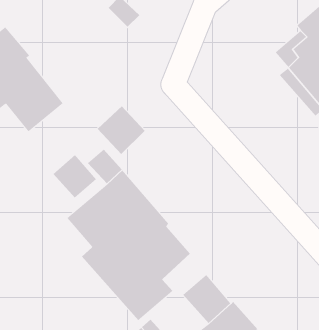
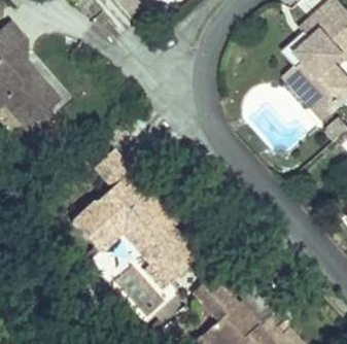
building: [97,105,145,155] -> none
building: [53,154,97,198] -> none

